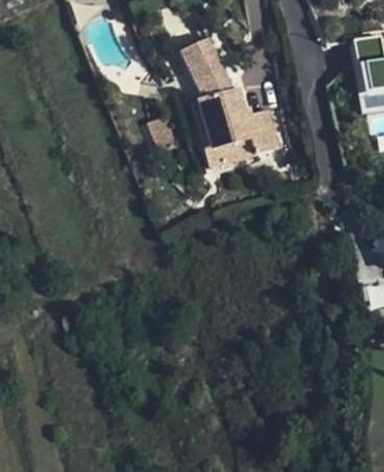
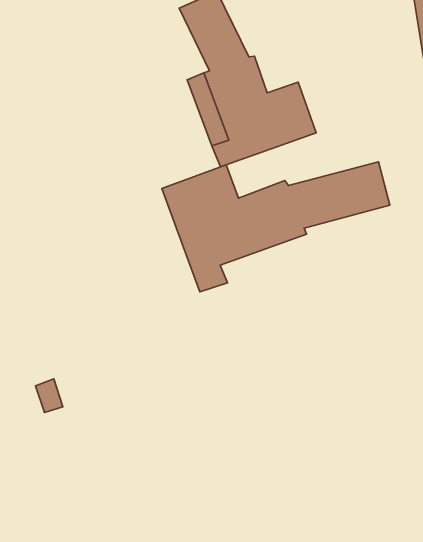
building: none -> [162,162,390,292]

